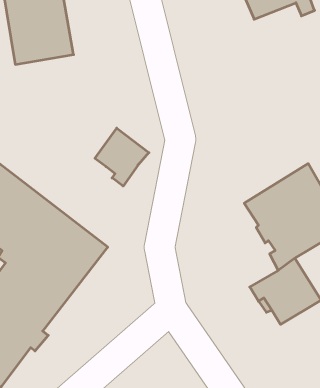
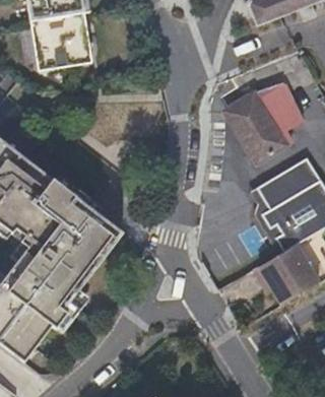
building: none -> [232,81,302,161]
building: [95,128,149,186] -> none

